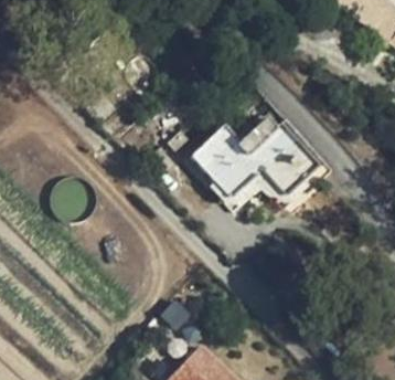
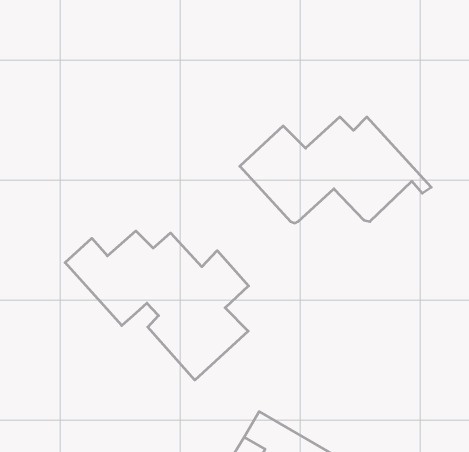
building: none -> [65,231,249,380]

